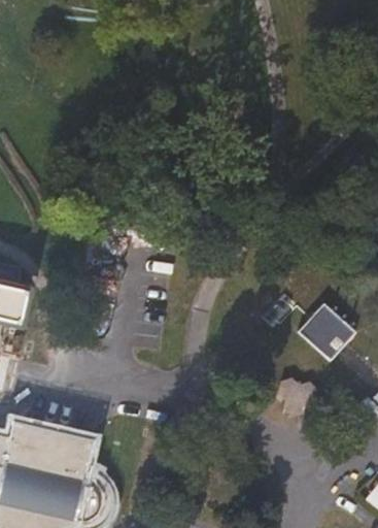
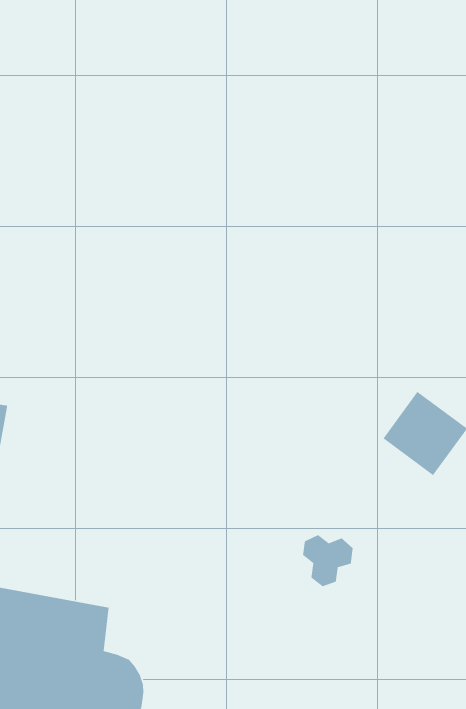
building: [278,377,315,416] -> [302,534,353,587]

